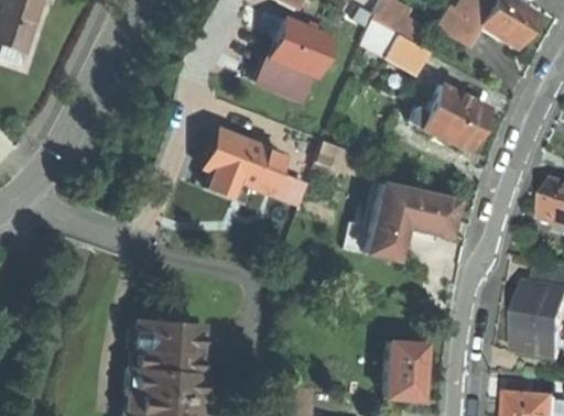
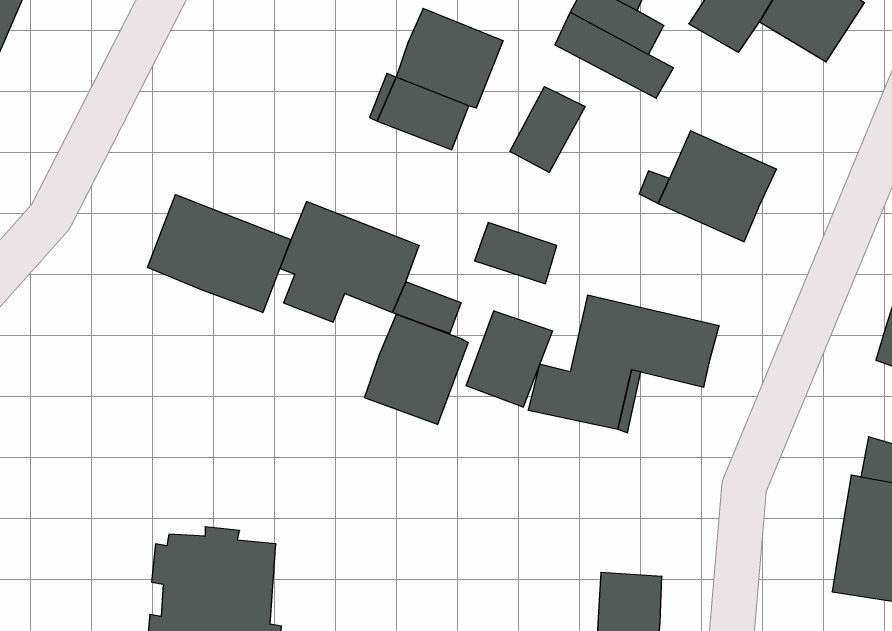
building: none -> [510,87,585,172]
building: none -> [147,195,291,313]
building: none -> [466,311,552,407]
building: none -> [365,314,468,425]

